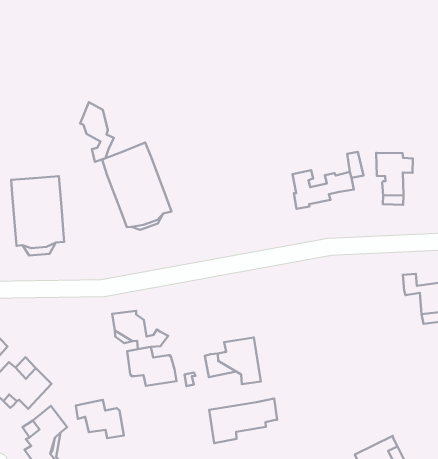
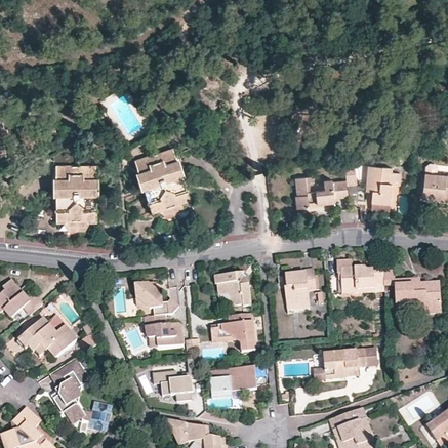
building: [80,102,114,162] -> none
building: none -> [335,259,382,294]
building: none -> [282,263,314,307]
building: none -> [213,272,251,306]
building: none -> [323,348,376,378]
building: [76,400,124,438] -> [151,370,190,403]

